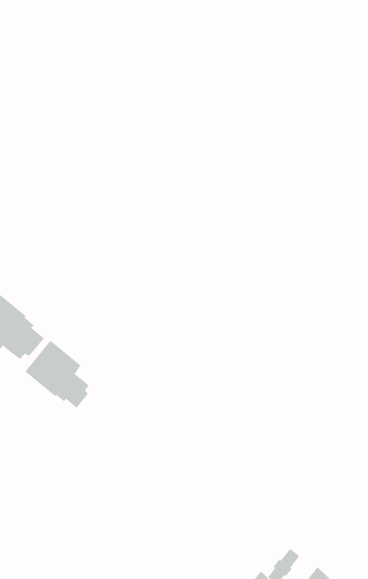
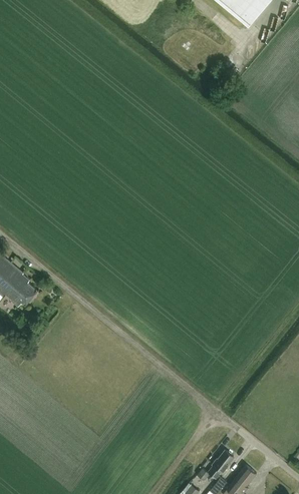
building: [25,340,89,409] -> none

